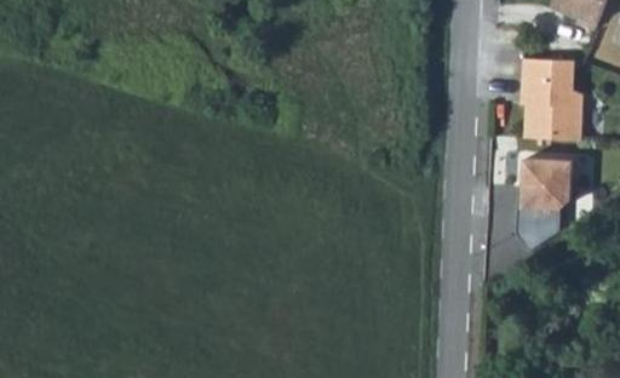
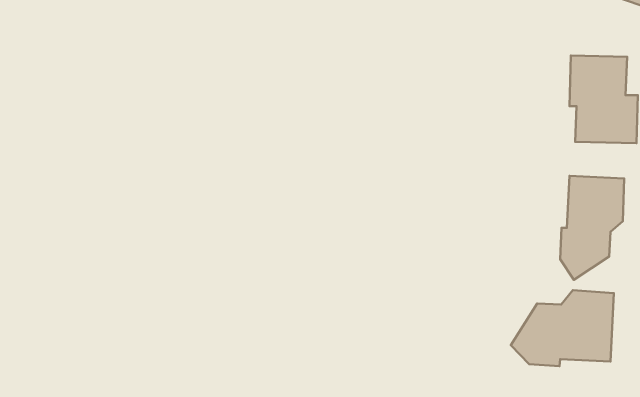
building: none -> [511,290,614,366]

